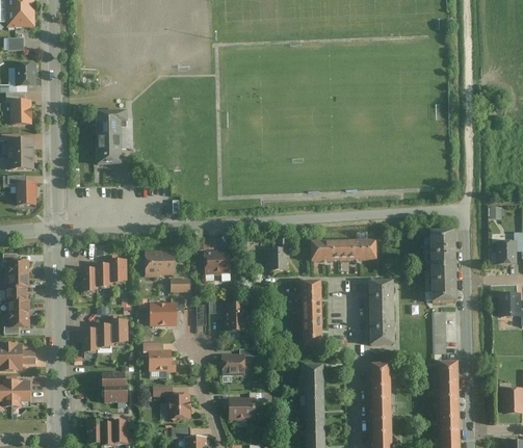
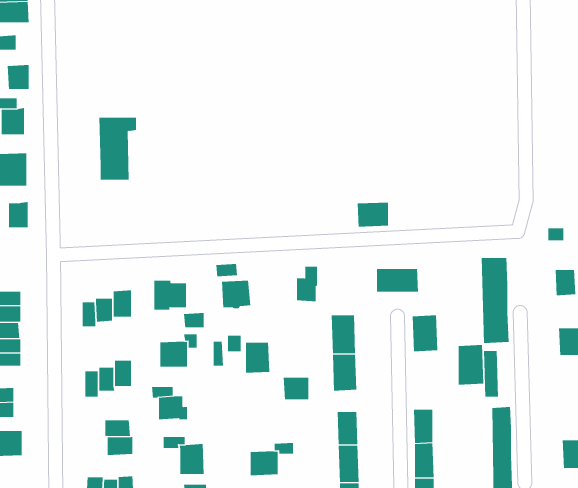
building: [311,240,339,262] -> [357,202,389,227]
building: [371,312,394,347] -> [458,345,484,385]
building: [221,355,244,375] -> [283,377,309,400]

